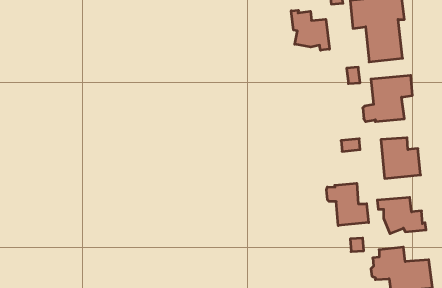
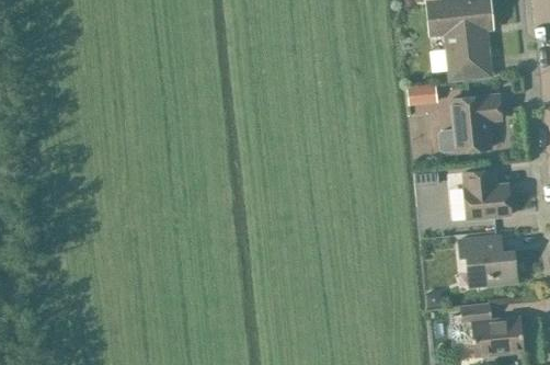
building: [291,10,329,50] -> none
building: [326,183,369,226] -> none

